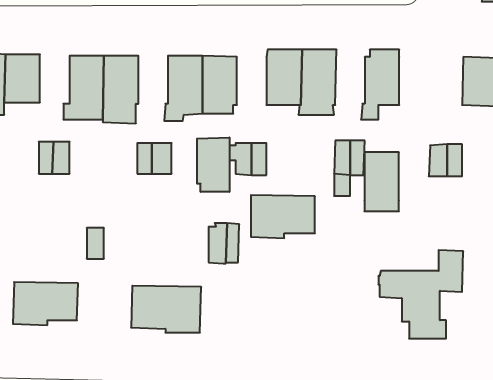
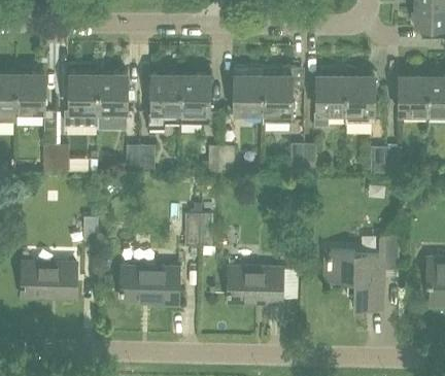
building: [197,137,229,192] -> none
building: [364,152,399,211] -> [346,74,375,124]
building: [251,195,315,238] -> [229,268,282,304]

